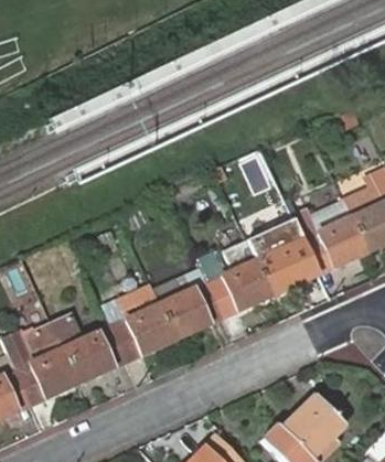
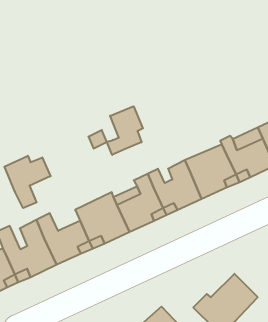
building: none -> [107,106,143,155]
building: none -> [4,156,51,208]

